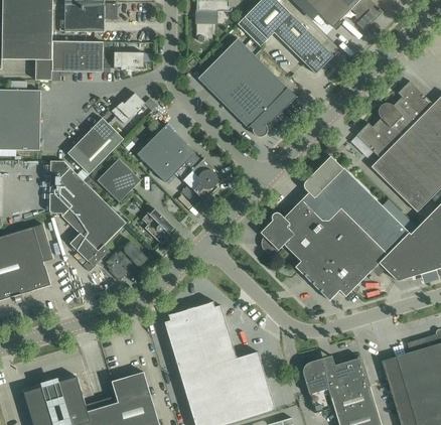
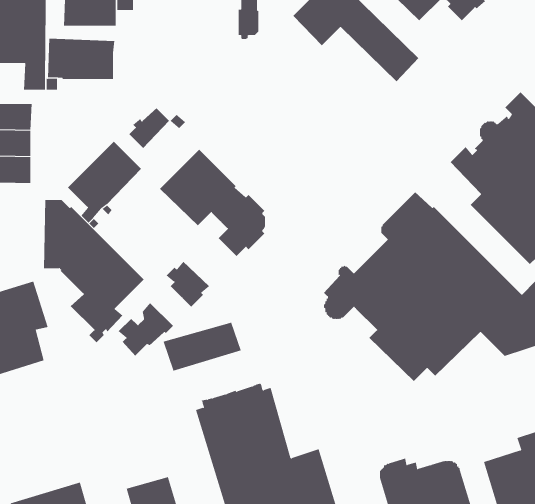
building: [199,39,297,137] -> none
building: [114,51,144,69] -> none
building: [97,158,141,202] -> none
building: none -> [163,322,241,372]

